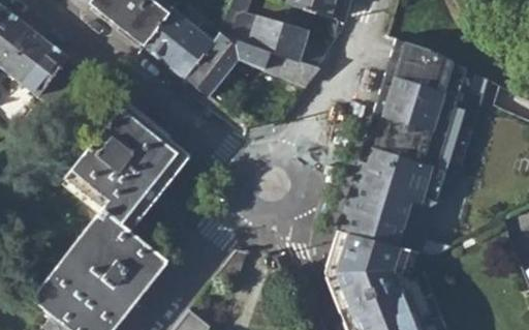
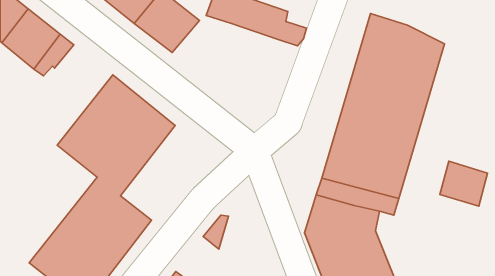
building: [185,37,318,98] -> none
building: none -> [440,161,488,206]

